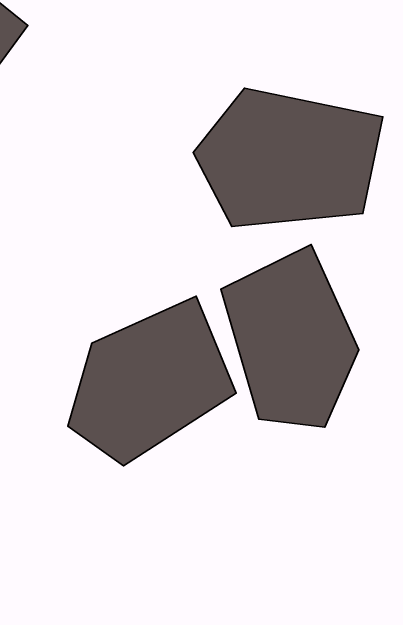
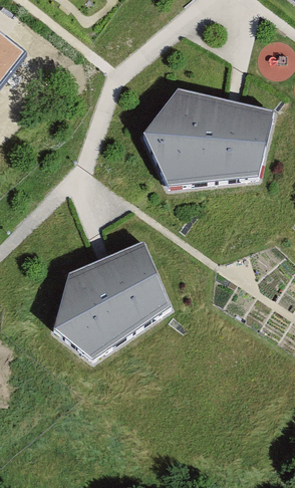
building: [221,245,359,427] -> none

